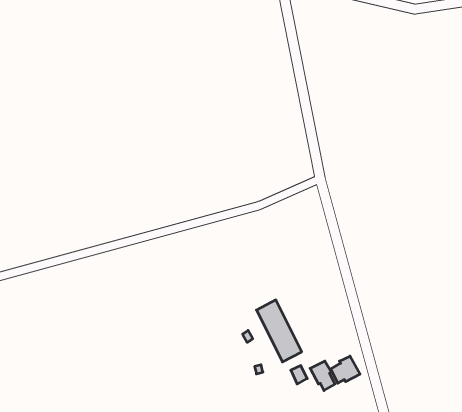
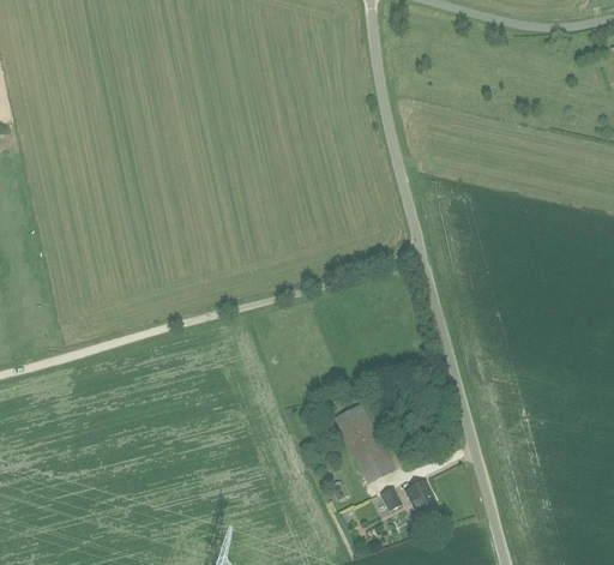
building: [331,356,360,383] -> none

